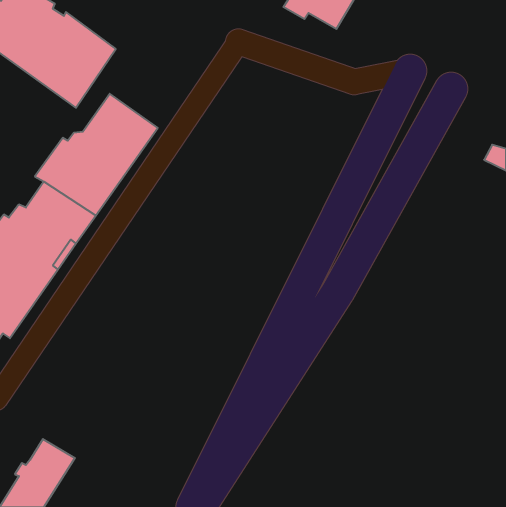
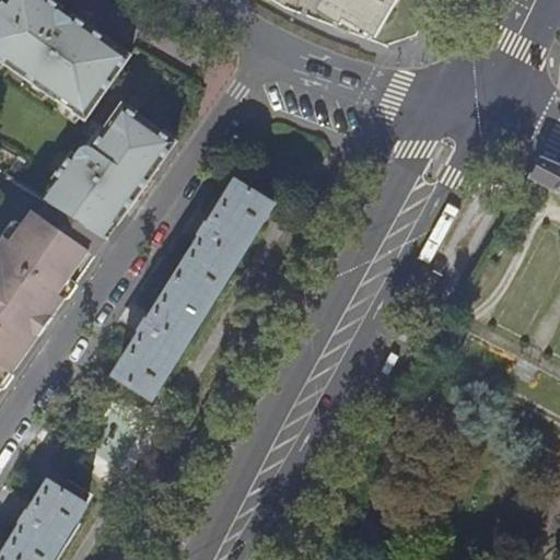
building: none -> [114,179,270,395]

